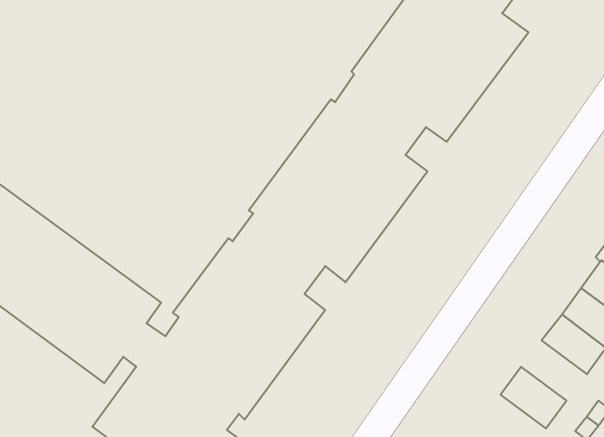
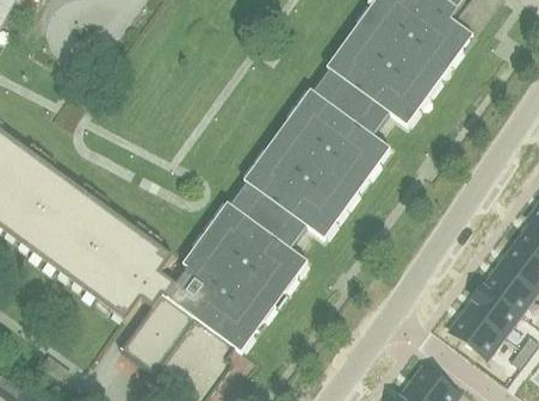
building: none -> [466,285,520,334]

